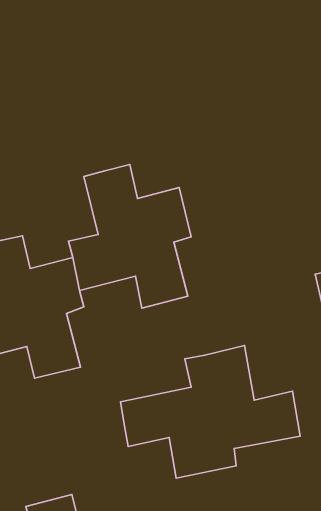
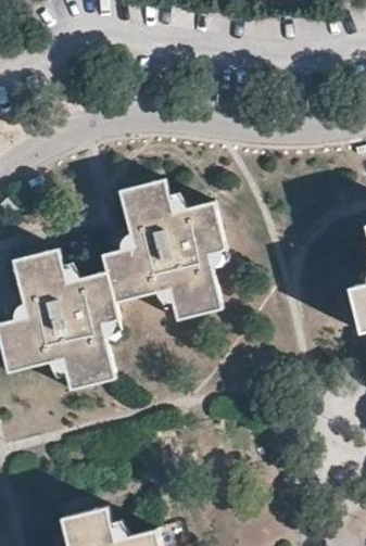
building: [120,346,300,478] -> none

